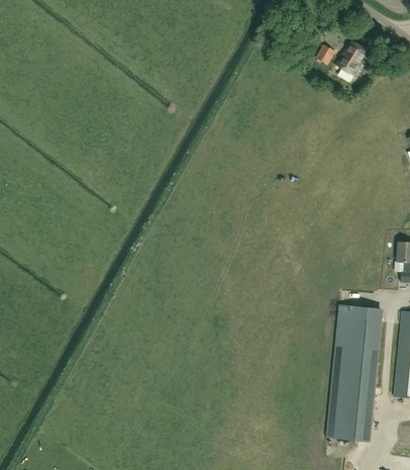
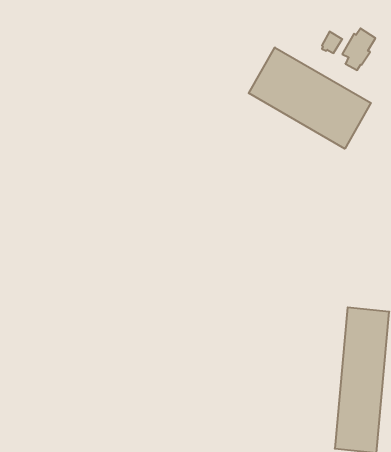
building: none -> [249,47,371,149]

